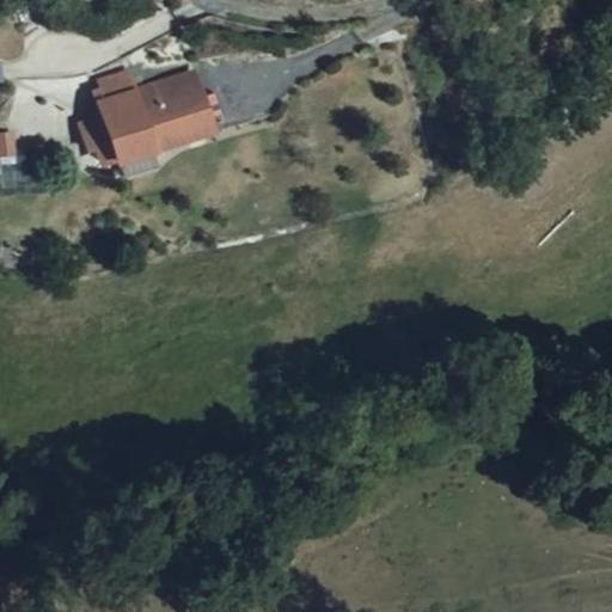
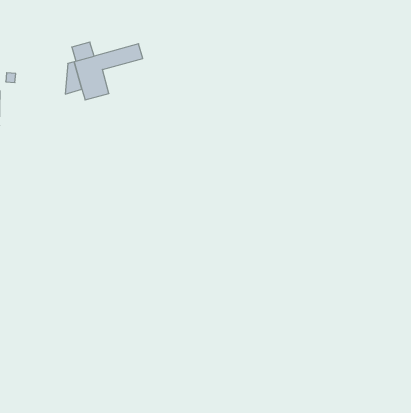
building: [148,98,216,148] -> none

